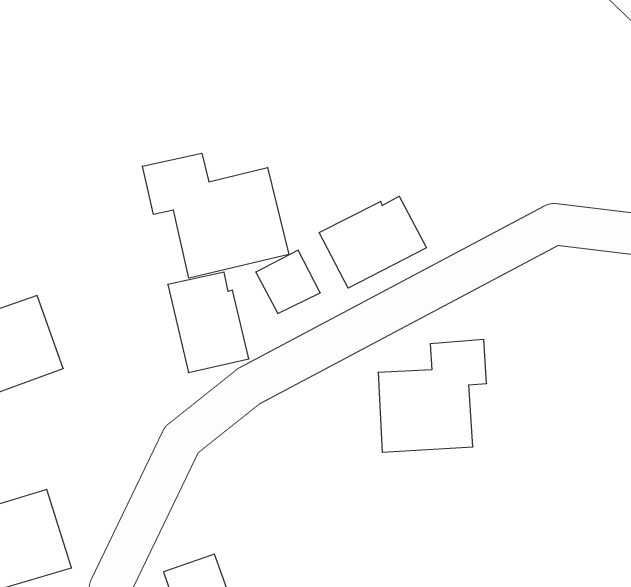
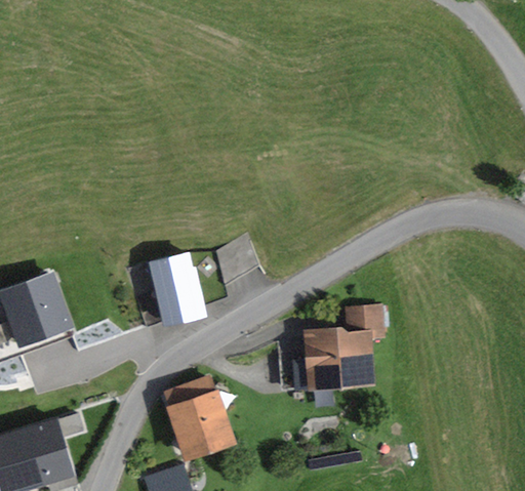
building: [142,153,289,278] -> none
building: [319,196,426,288] -> none
building: none -> [162,374,234,459]

